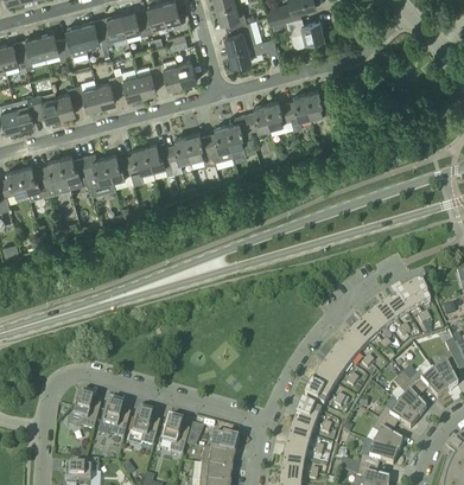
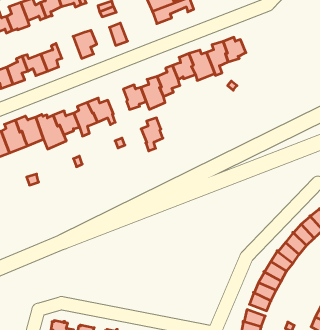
building: [155,59,182,89] -> none
building: [114,69,141,100] -> none
building: [166,136,190,173] -> [141,118,163,151]

